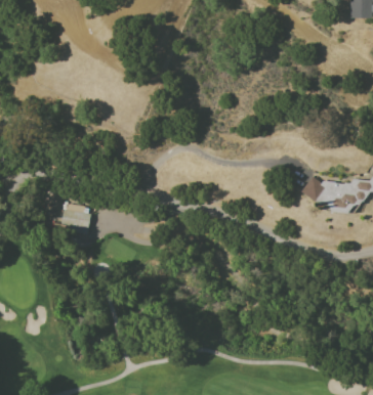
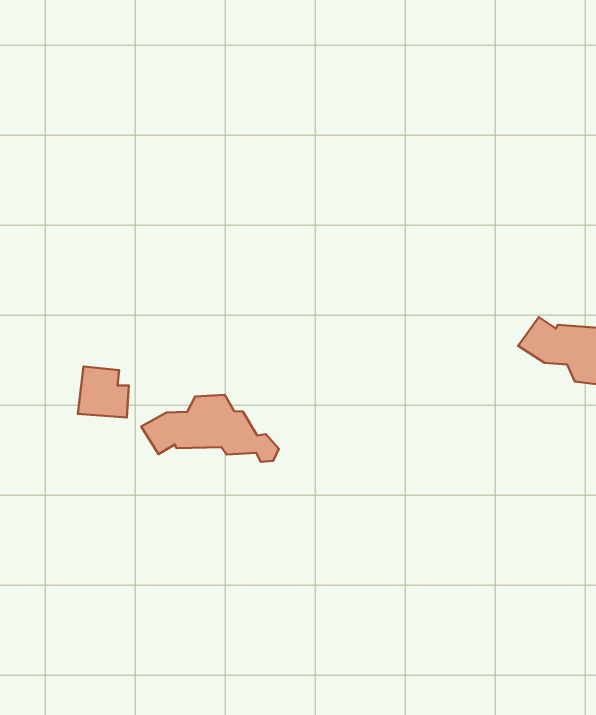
building: none -> [141,395,279,462]

